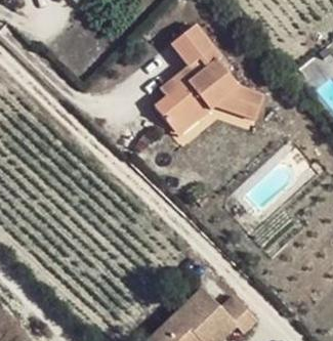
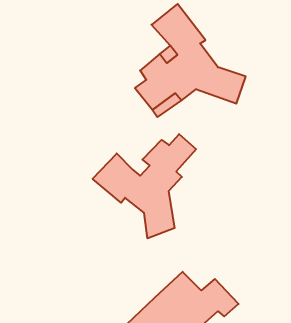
building: none -> [93,134,196,238]

